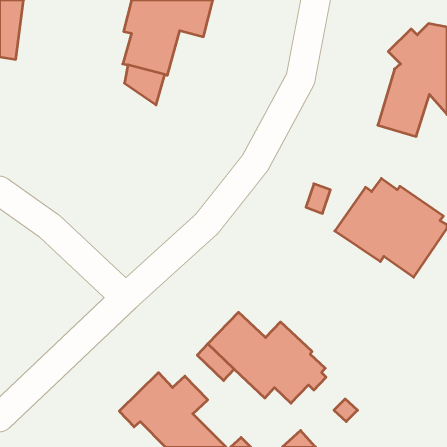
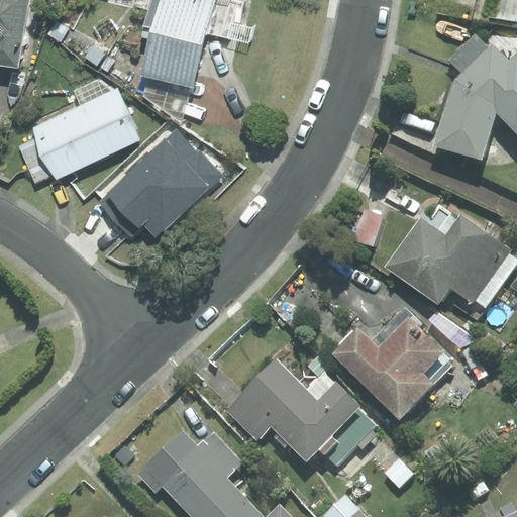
building: none -> [20,79,138,181]
building: none -> [100,128,220,237]
building: none -> [330,320,452,420]

